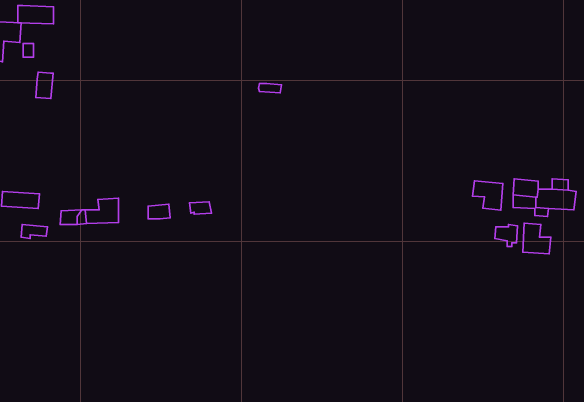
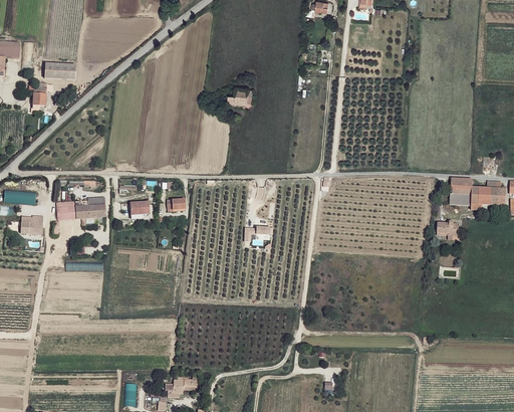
building: [18,6,53,24] -> [44,61,75,77]
building: [473,181,503,210] -> none
building: [523,223,551,254] -> none

